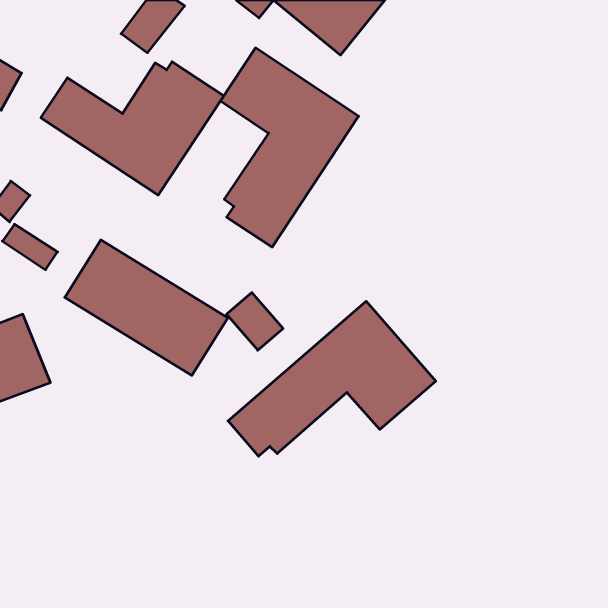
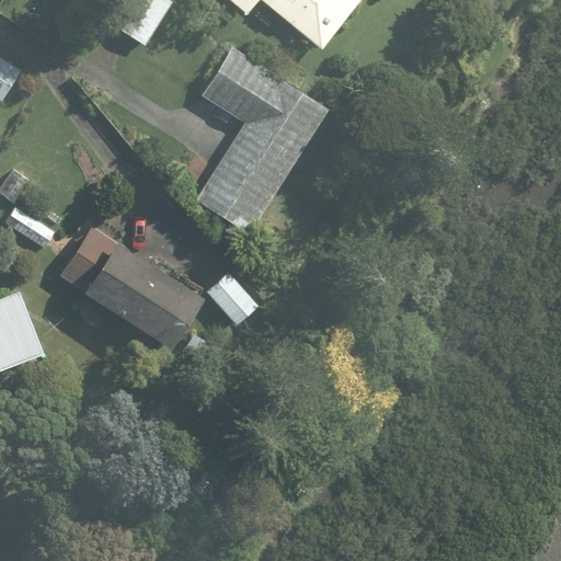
building: [41,62,224,195] -> none
building: [228,301,436,456] -> none

